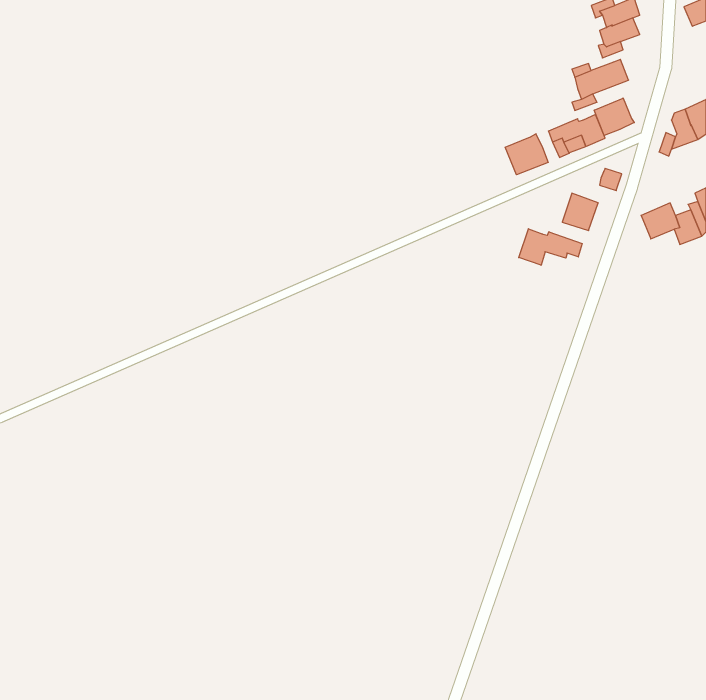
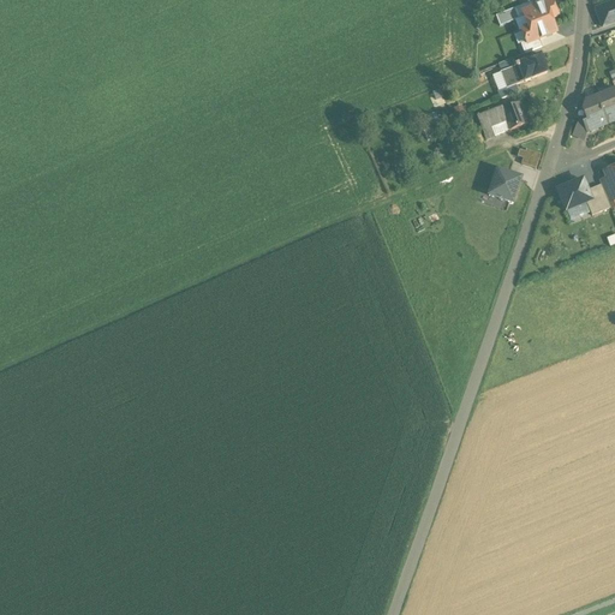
building: [594,98,634,135] -> none
building: [505,134,548,175] -> none
building: [519,229,582,265] -> none

